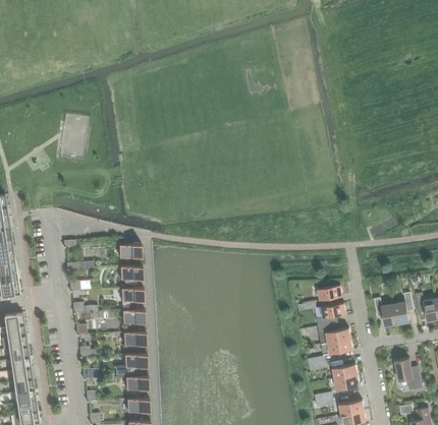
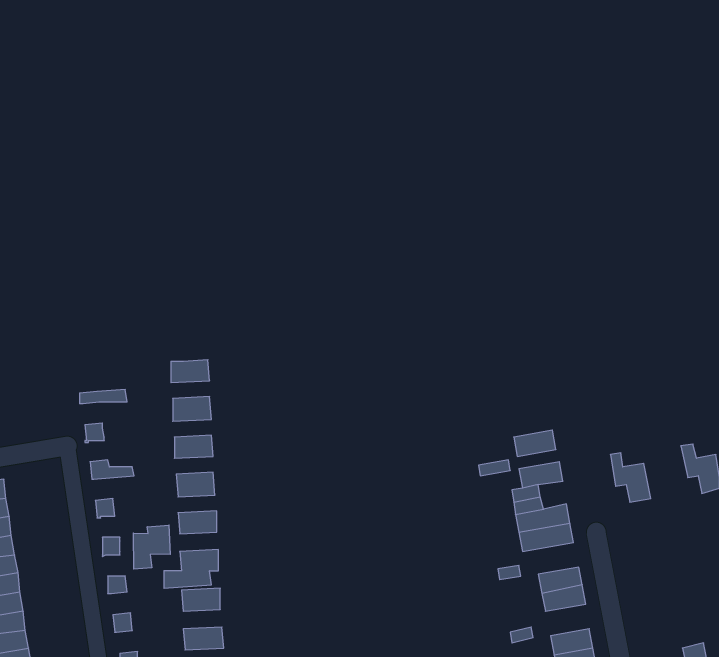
building: [393,293,414,324] -> none
building: none -> [133,525,170,569]
building: [395,358,422,389] -> none

